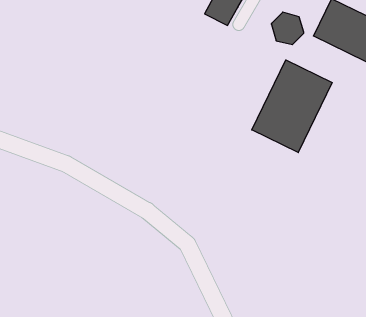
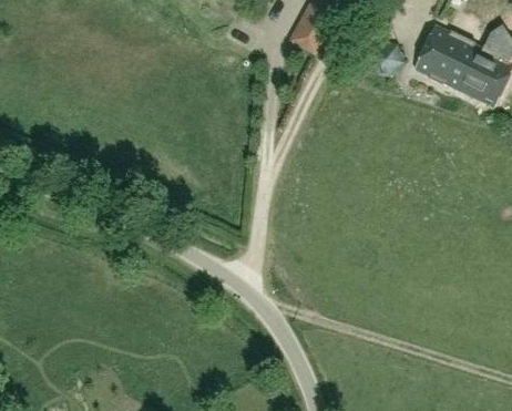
building: [252,60,332,153] -> none

